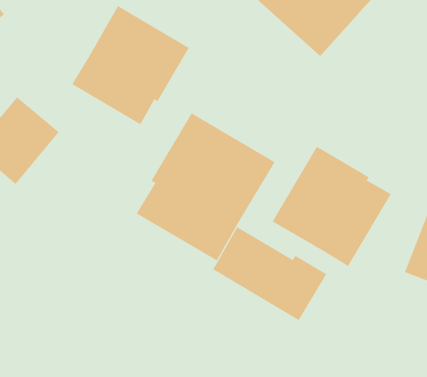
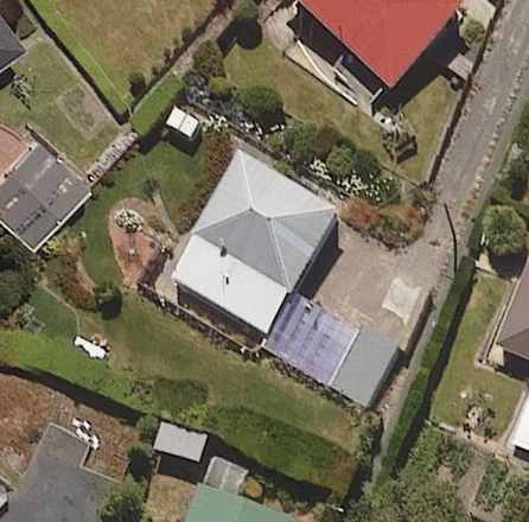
building: [72,5,189,125] -> none
building: [272,146,392,267] -> none

